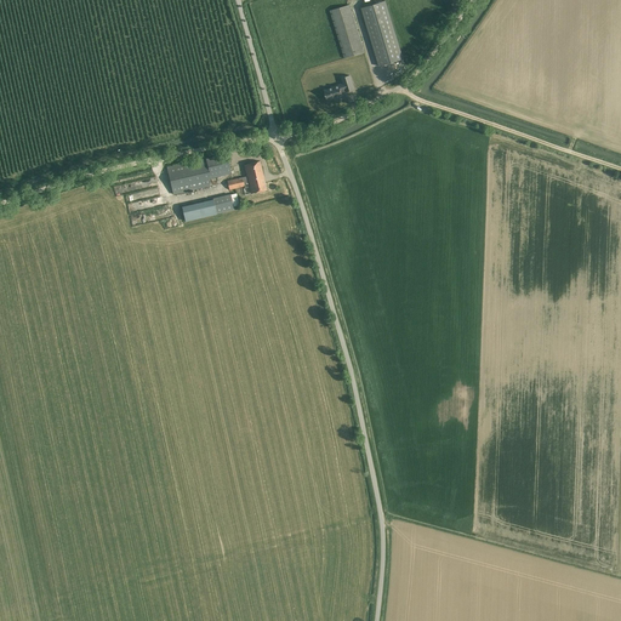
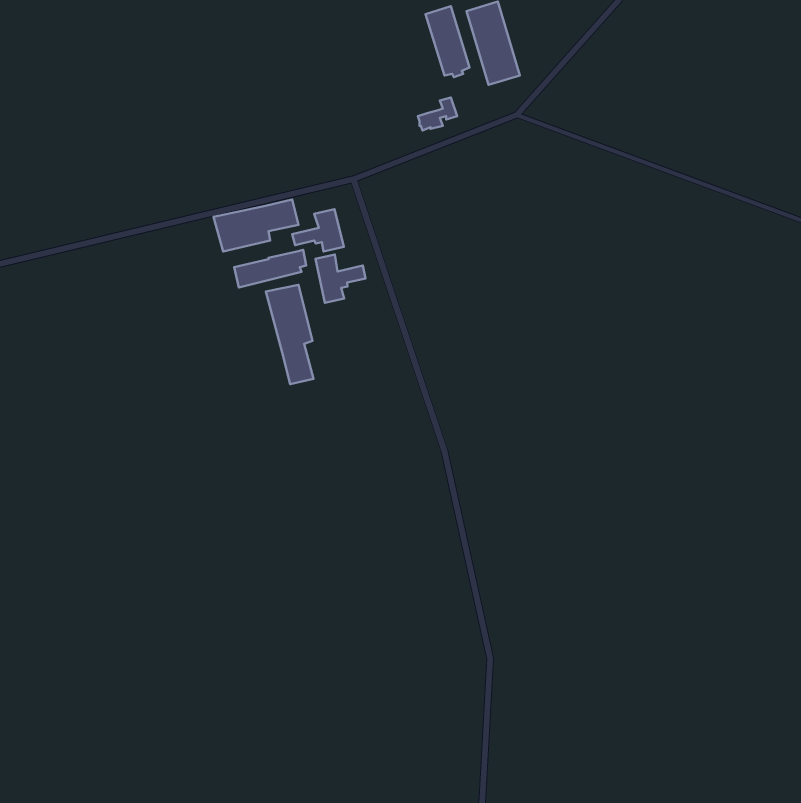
building: none -> [315,254,365,303]
building: none -> [266,285,314,384]

